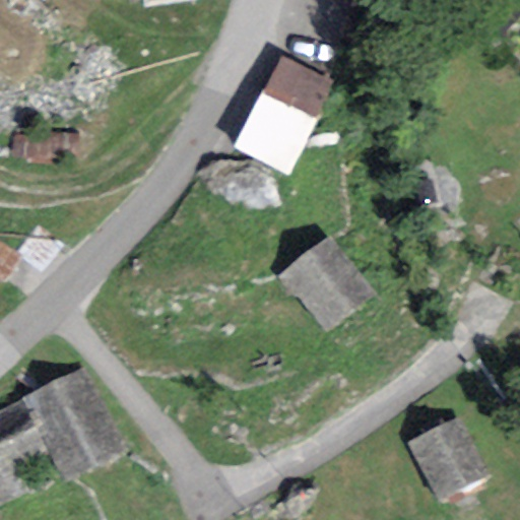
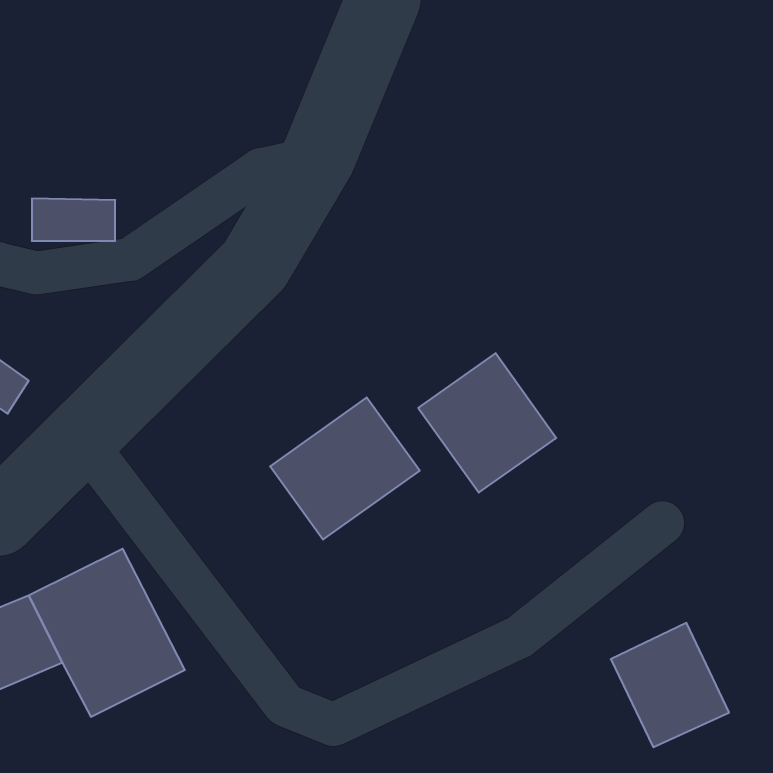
building: [231,56,334,176] -> none
building: none -> [270,397,420,540]

